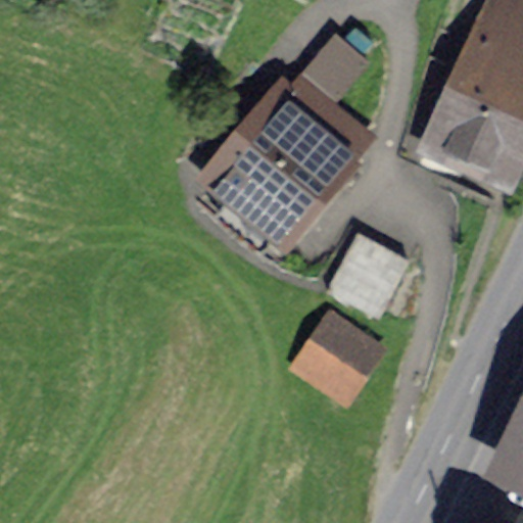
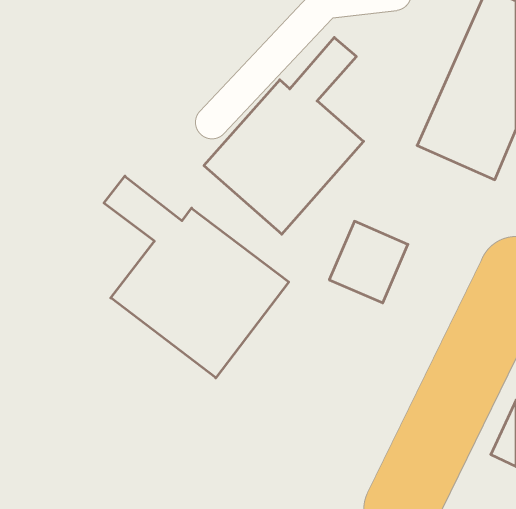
building: none -> [104,176,289,378]
building: [294,312,382,398] -> none

